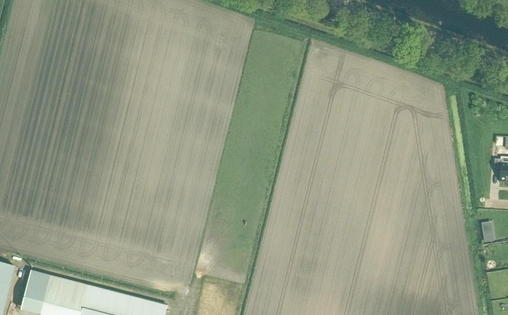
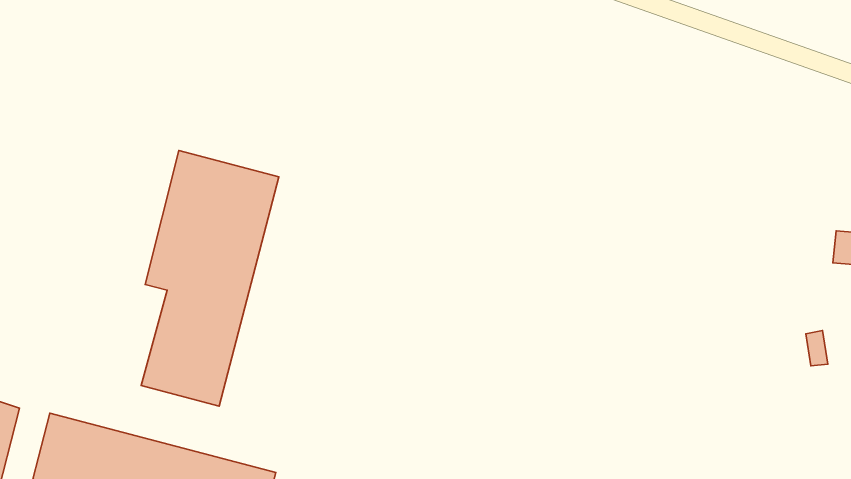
building: none -> [141,151,279,406]

